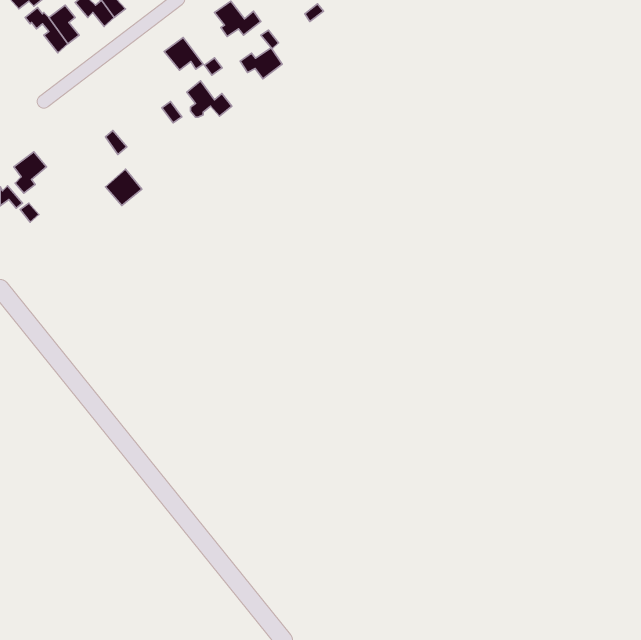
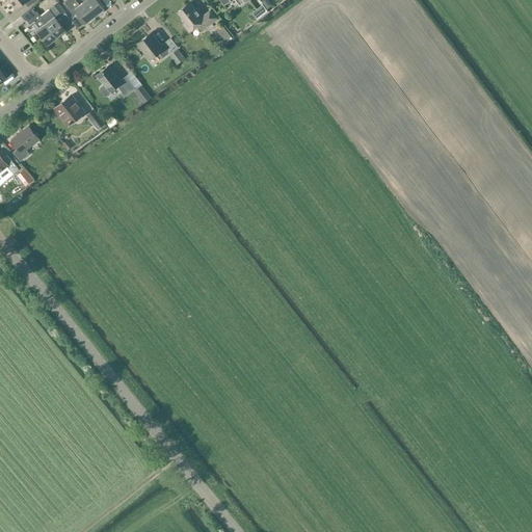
building: [240,48,282,79] -> none
building: [187,81,232,117] -> [97,64,134,95]
building: [106,169,142,206] -> [54,94,84,124]

